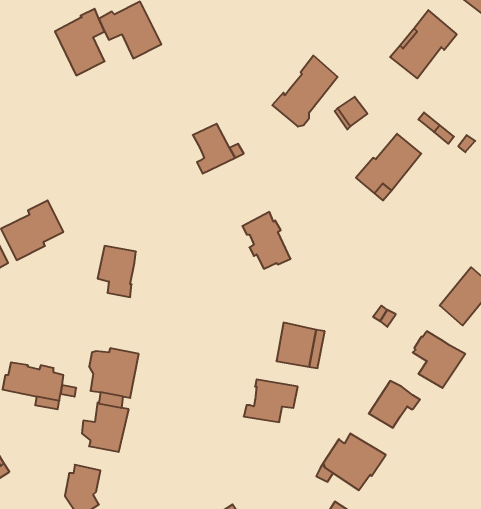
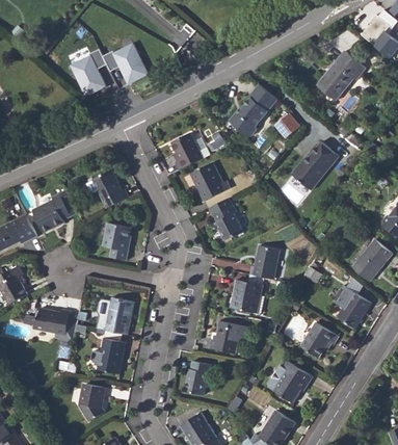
building: none -> [190,162,230,201]
building: none -> [91,172,127,208]
building: none -> [250,245,280,278]
building: none -> [184,360,211,393]

